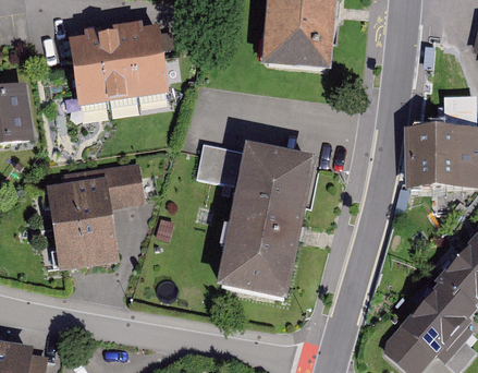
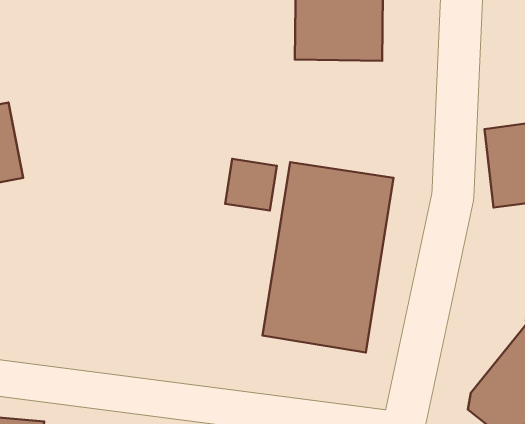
building: [66,32,174,109] -> none
building: [47,163,145,269] -> none

